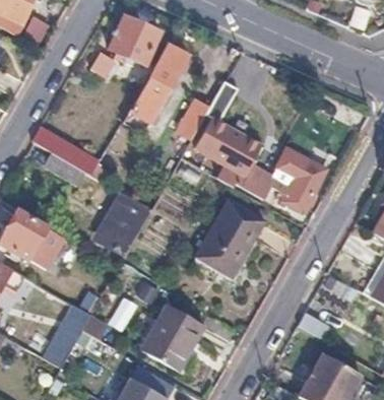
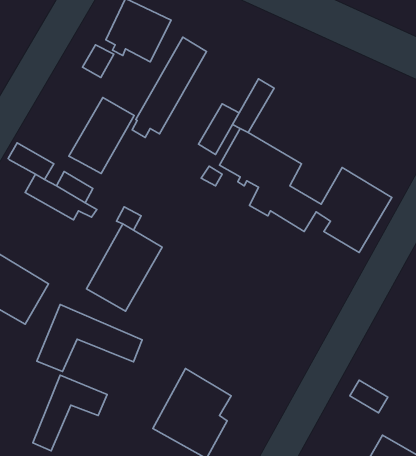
building: none -> [69,98,134,174]
building: [197,202,264,276] -> none
building: none -> [37,305,142,371]

